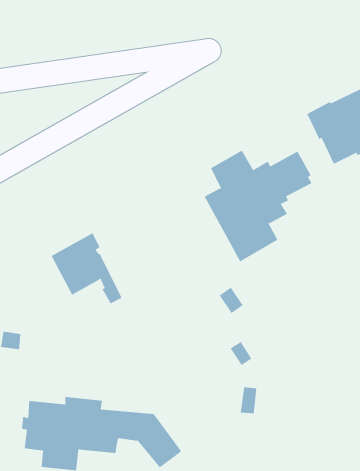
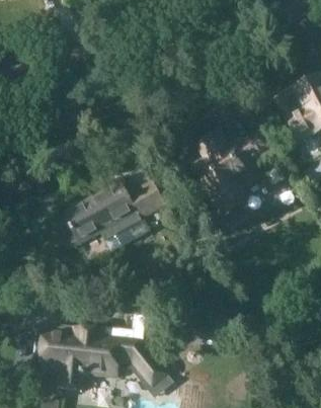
building: none -> [96,180,164,247]

